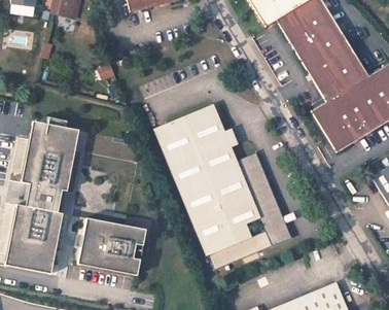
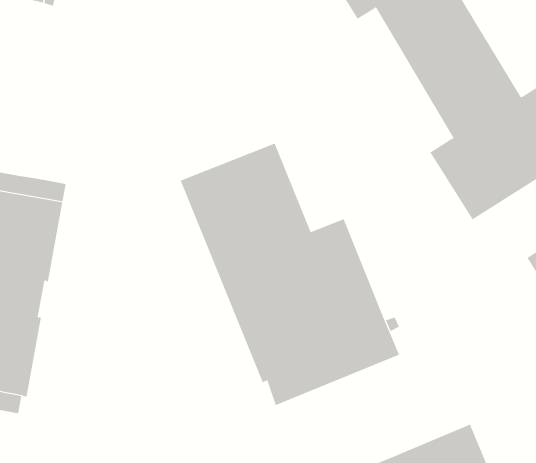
building: [81,218,150,277] -> none

